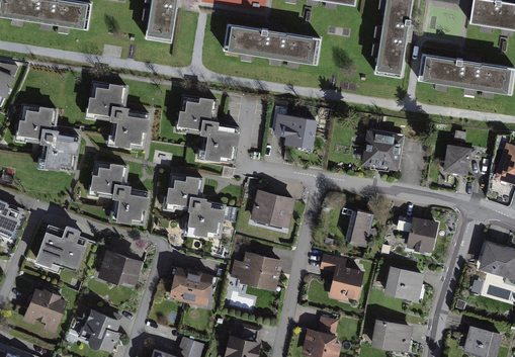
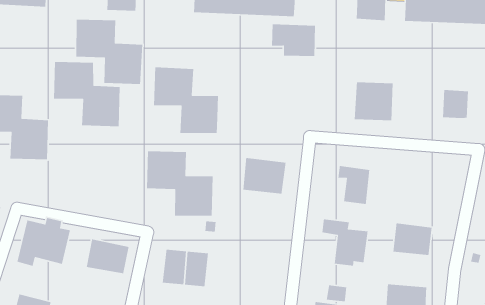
building: [274,113,318,149] -> [271,23,316,57]
building: [87,160,151,228] -> [76,19,143,85]
building: [398,215,438,253] -> none
building: [231,251,282,290] -> none

